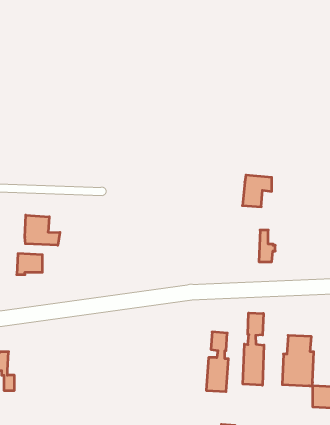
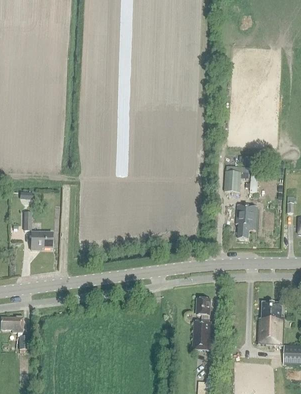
building: [25,215,60,245] -> none
building: [243,313,264,385] -> none

